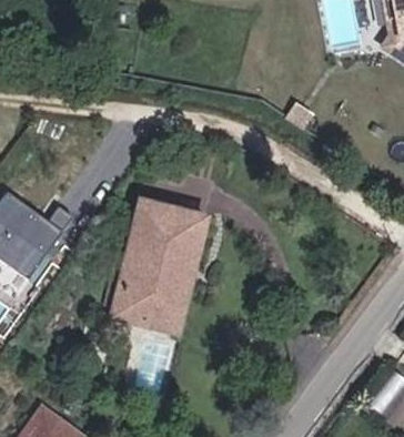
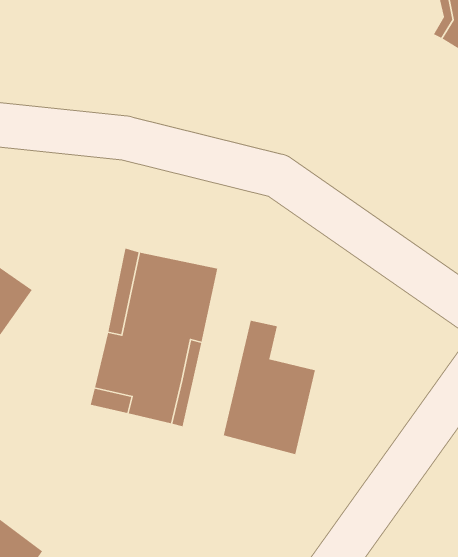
building: none -> [223,320,316,455]

